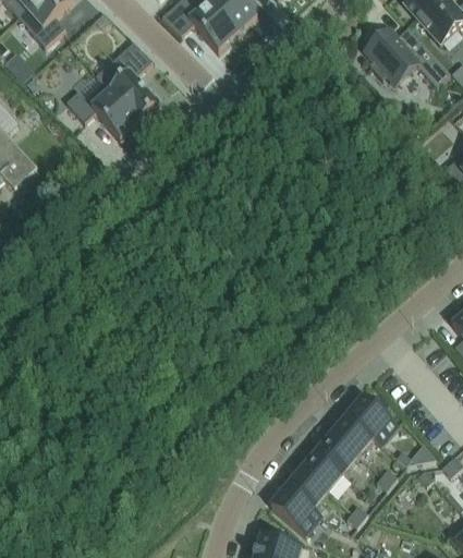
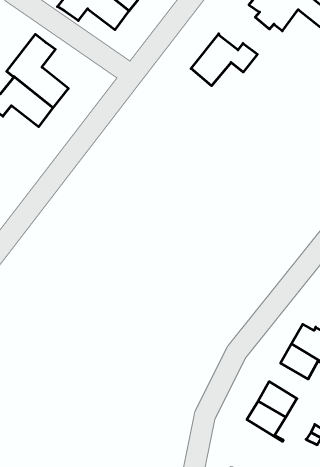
building: none -> [191,34,257,86]
building: [317,434,358,474] -> none
building: [270,487,320,535] -> none

